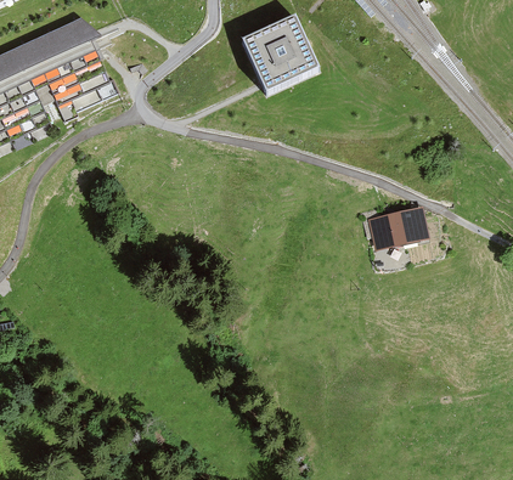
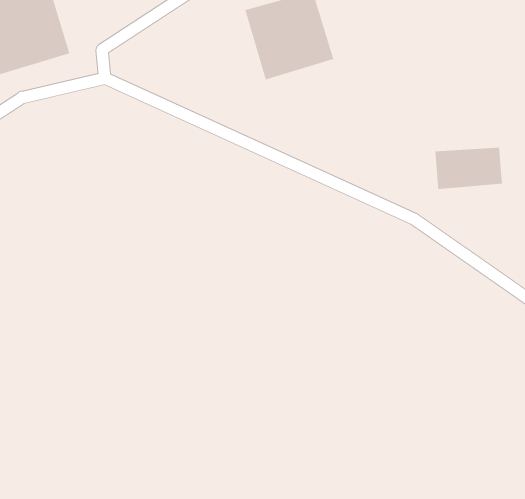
building: [371,209,427,248] -> [435,147,503,189]

